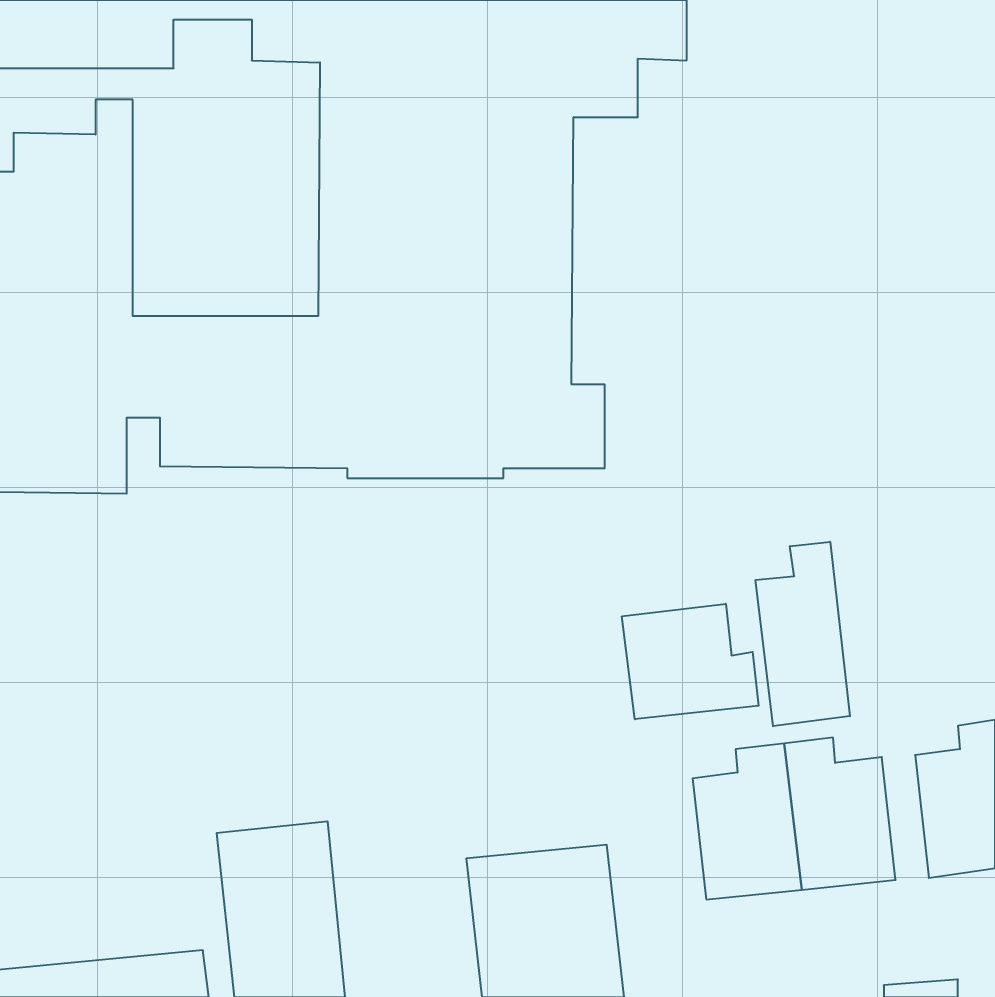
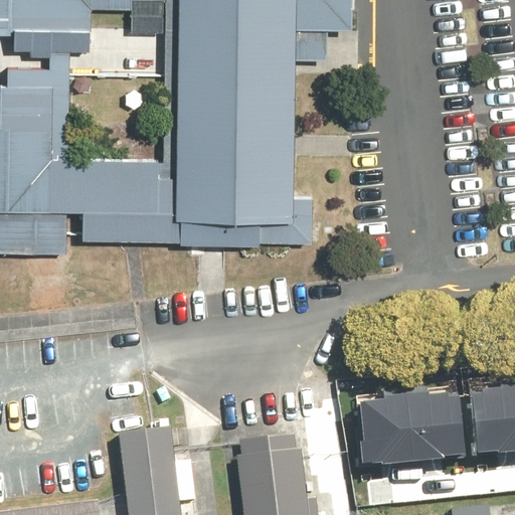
building: [756,542,850,726] -> none
building: [622,604,759,719] -> none

